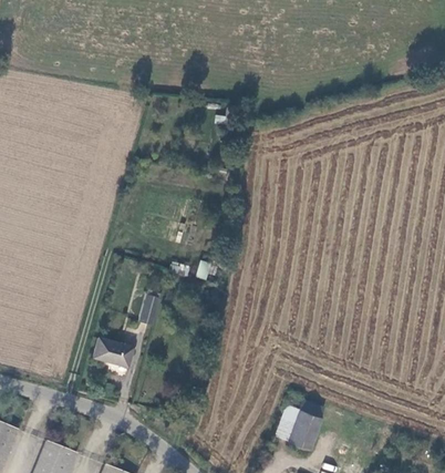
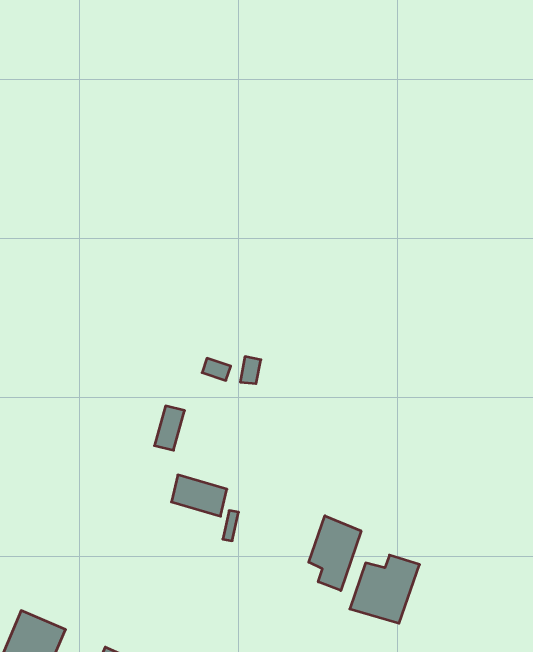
building: [94,339,133,368] -> [171,475,227,516]
building: none -> [309,516,361,591]

